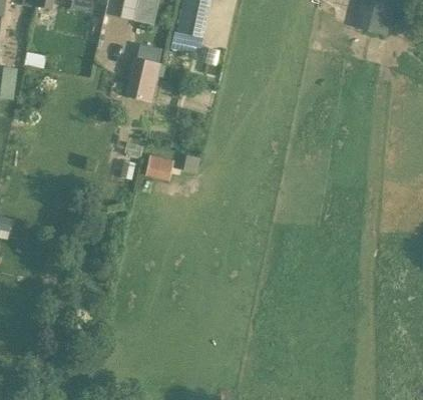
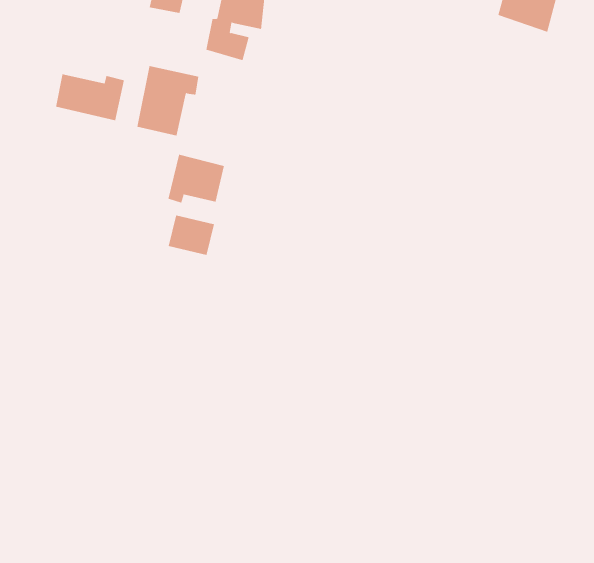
building: none -> [55,74,125,121]
building: none -> [168,154,224,203]

